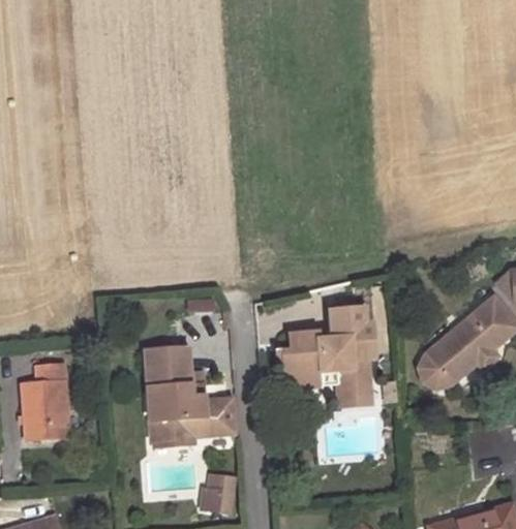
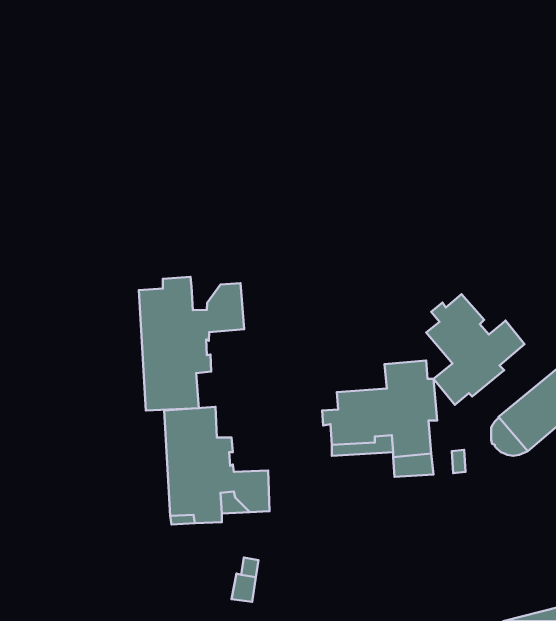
building: none -> [139,277,244,410]
building: none -> [426,294,525,405]
building: [22,364,66,438] -> none

